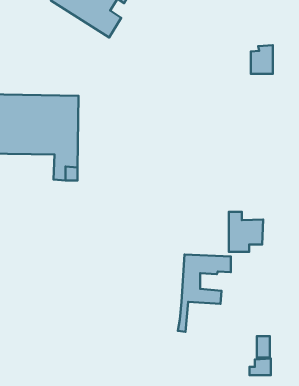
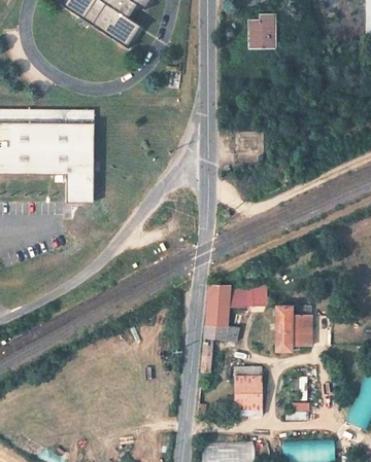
building: [251,45,273,74] -> [247,13,272,45]
building: [229,212,263,252] -> [278,305,316,349]
building: none -> [235,367,263,415]

